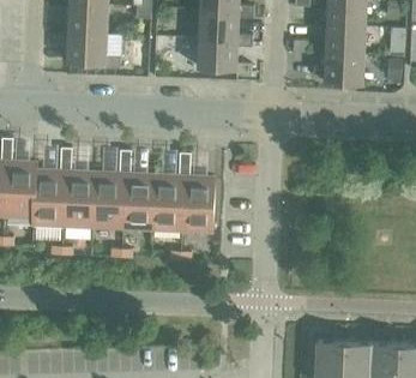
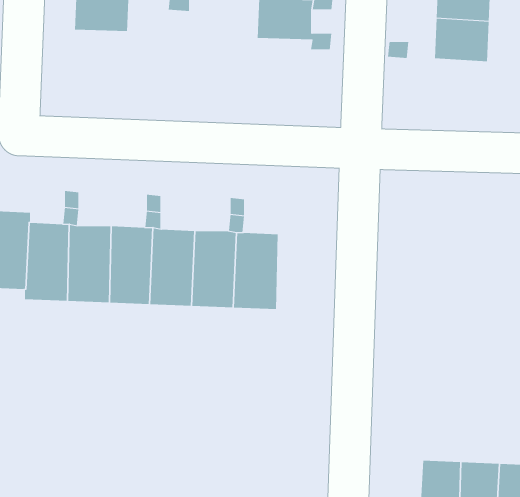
building: [66,32,119,68] -> none
building: [197,38,251,76] -> none
building: [324,53,363,85] -> none

